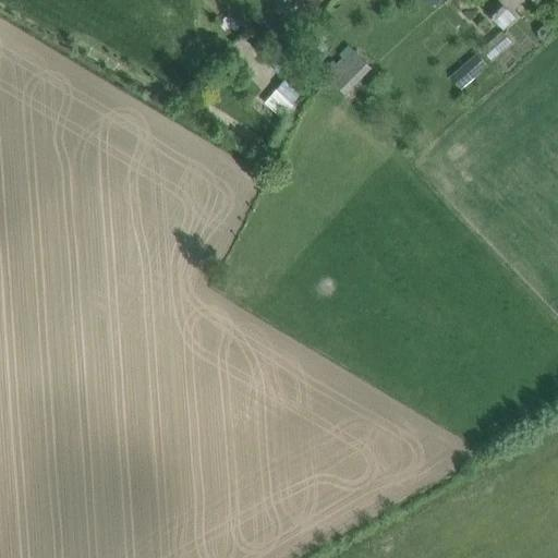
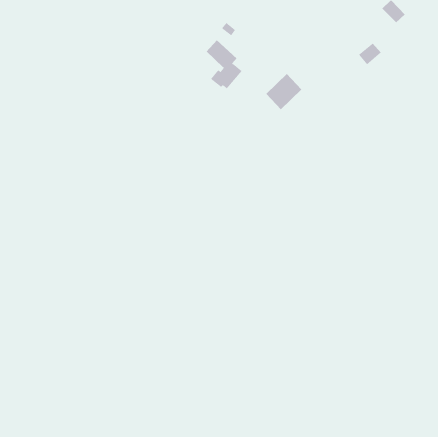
building: [323,45,369,92] -> [265,73,302,110]

